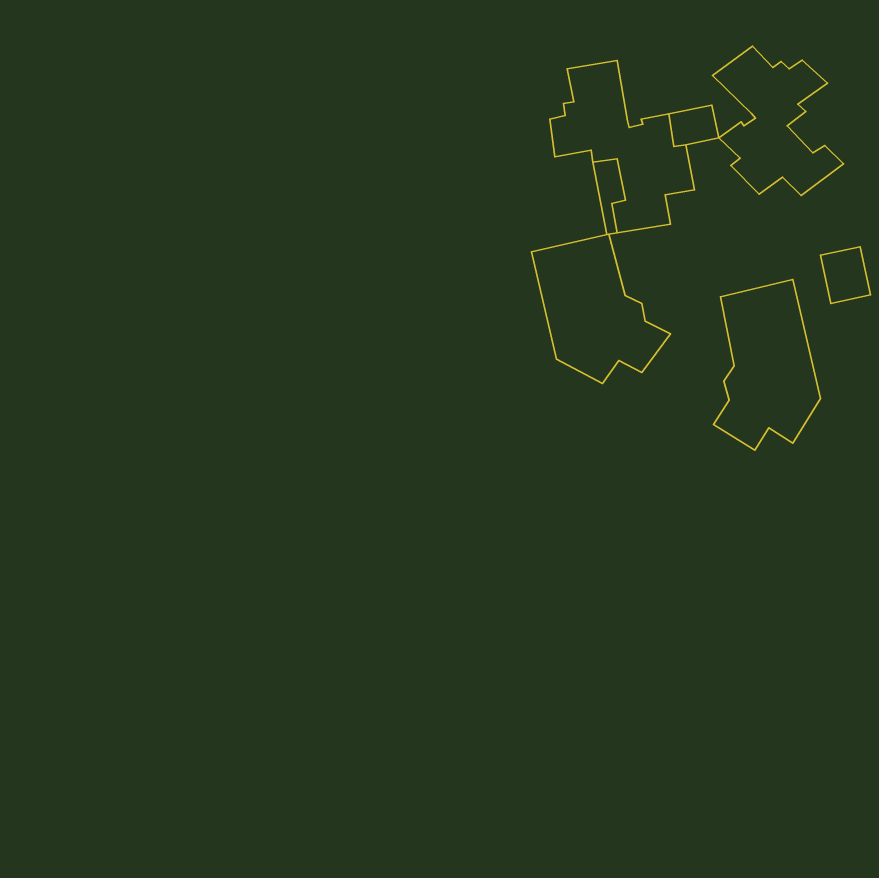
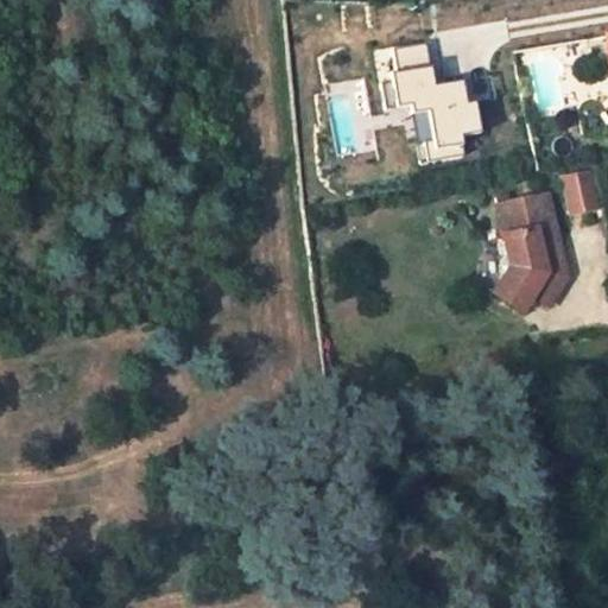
building: [713,46,843,196] -> none
building: [531,234,671,383] -> none

